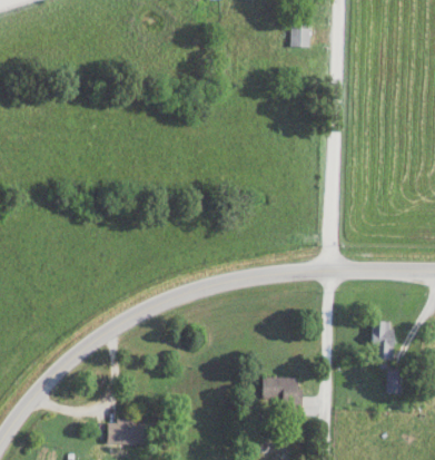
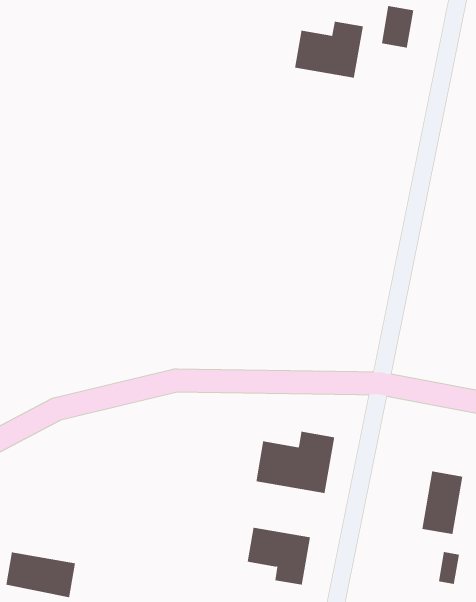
building: none -> [294,21,363,79]
building: none -> [256,431,335,494]

